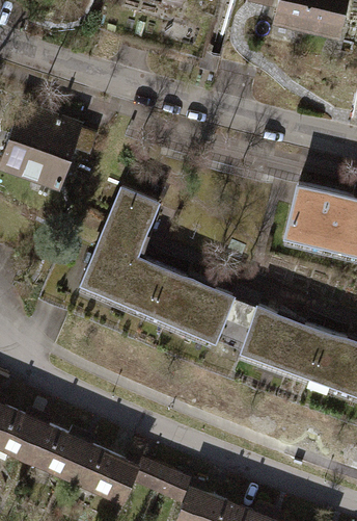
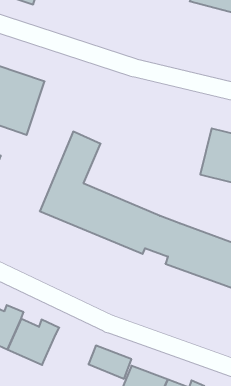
building: [82,447,144,506] -> none

